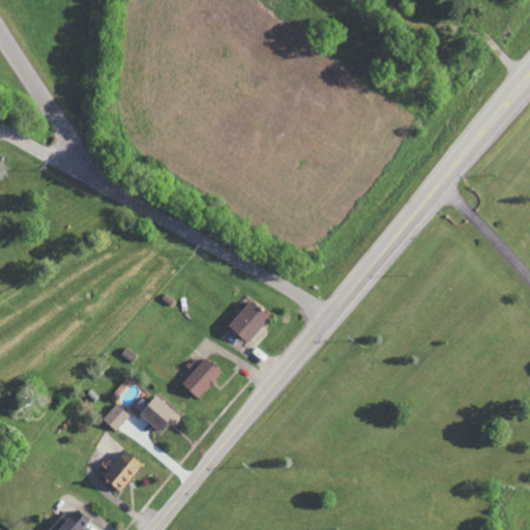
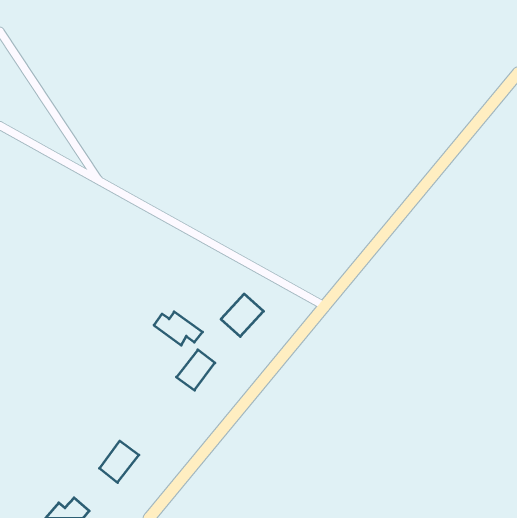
building: [132,395,182,430] -> [154,312,203,345]
building: [102,404,130,432] -> none

